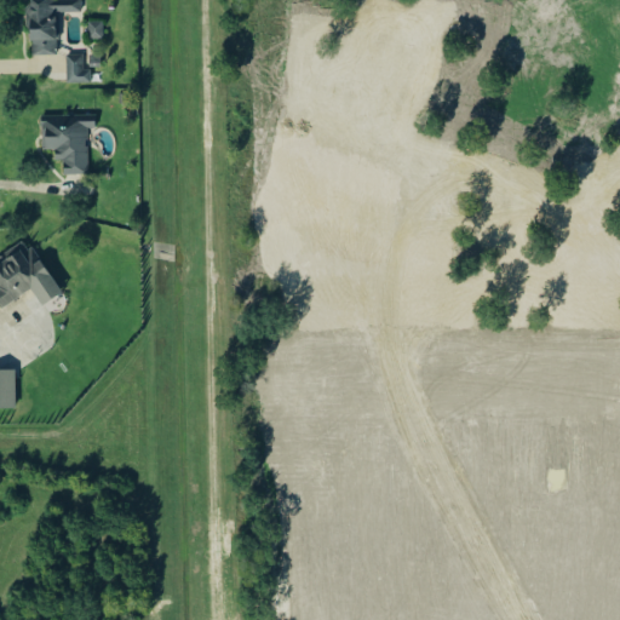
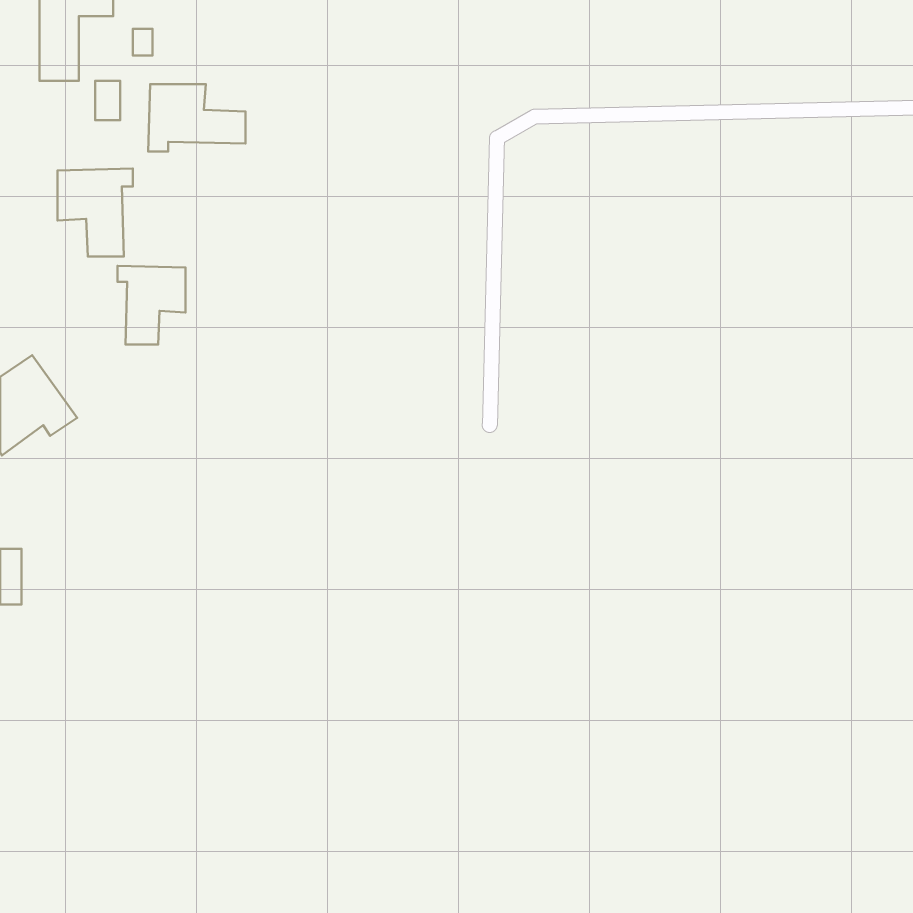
building: none -> [148,84,245,151]
building: none -> [117,266,186,345]

